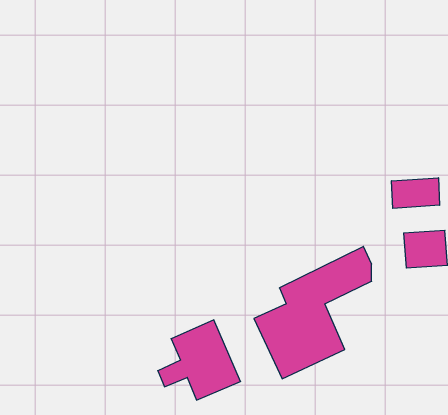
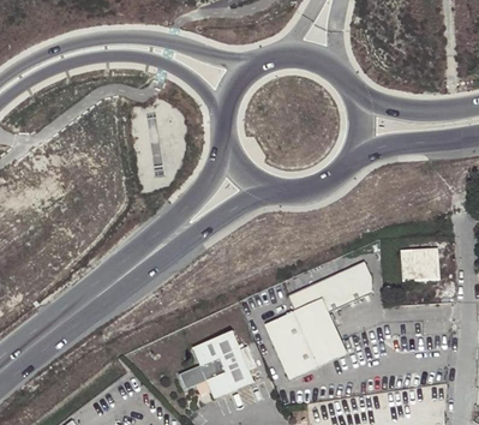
building: [392,178,440,208] -> none

